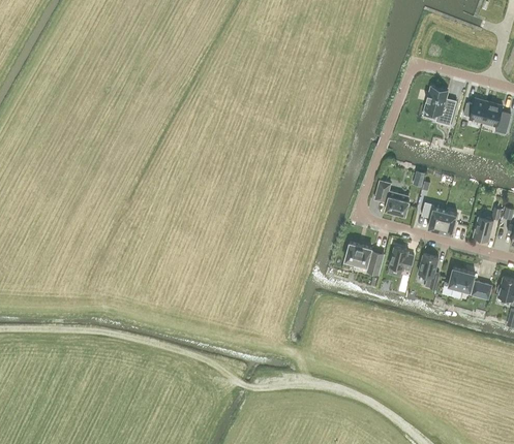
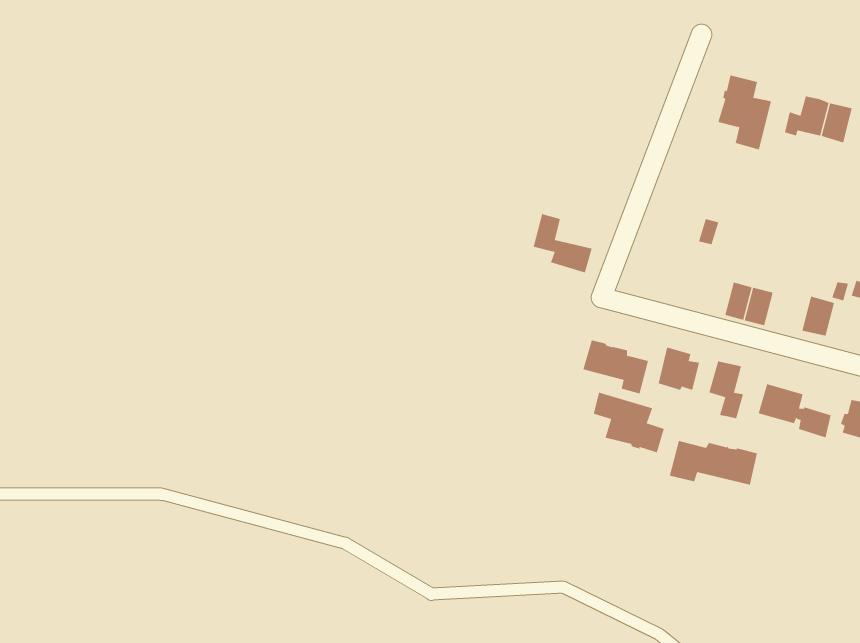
building: [374,180,410,215] -> [533,213,592,273]
building: none -> [593,392,665,453]
building: none -> [669,440,757,486]

